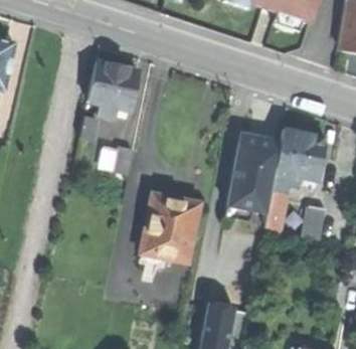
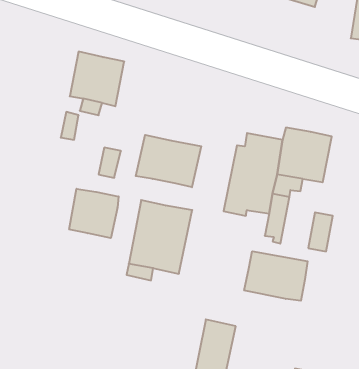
building: none -> [136,135,201,187]
building: none -> [69,189,119,238]
building: none -> [244,251,308,301]

